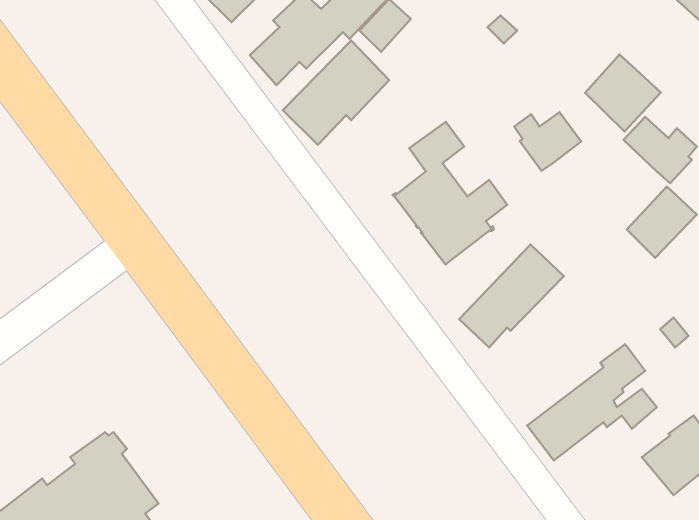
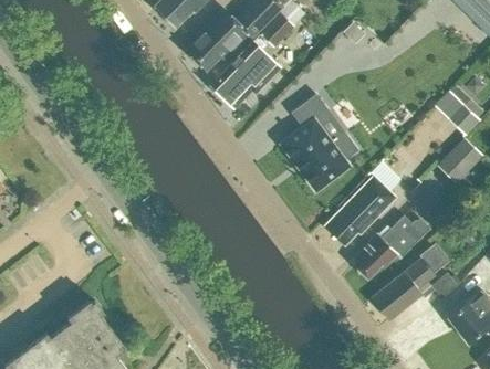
building: [585,54,661,131] -> none
building: [514,112,581,171] -> none
building: none -> [348,217,429,277]

